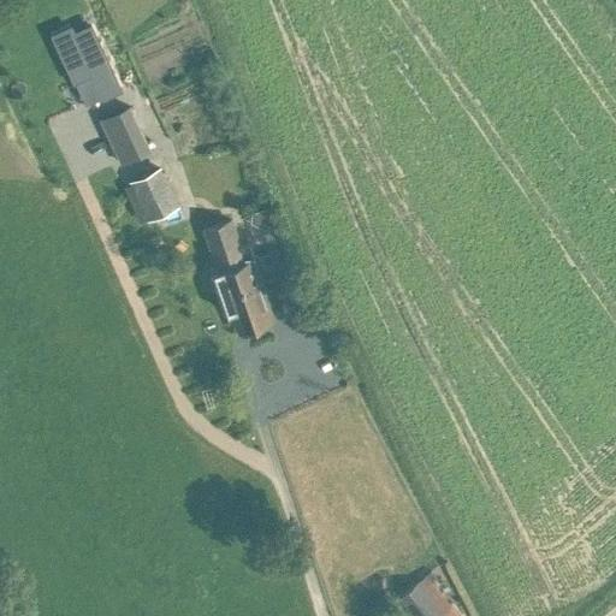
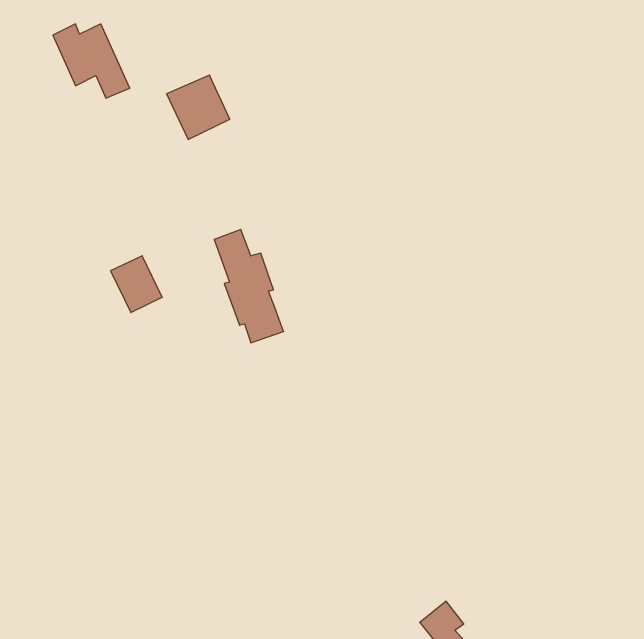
building: [88,111,148,172] -> [167,75,230,139]
building: [129,170,178,224] -> [111,256,162,312]

